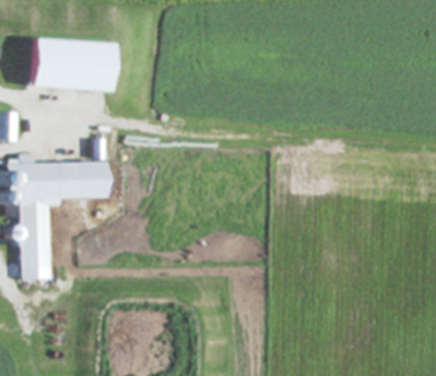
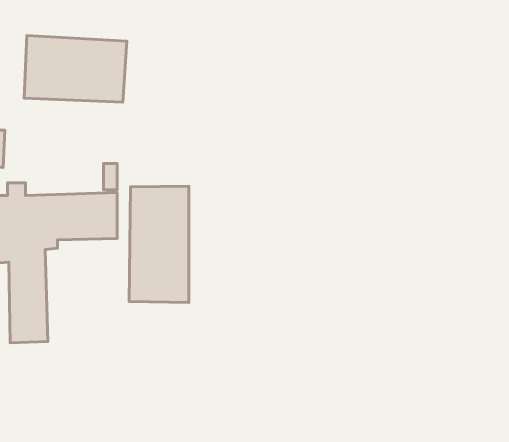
building: none -> [129,186,189,302]

